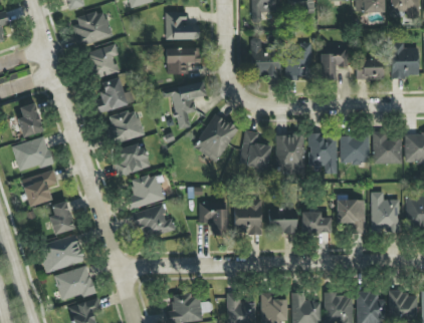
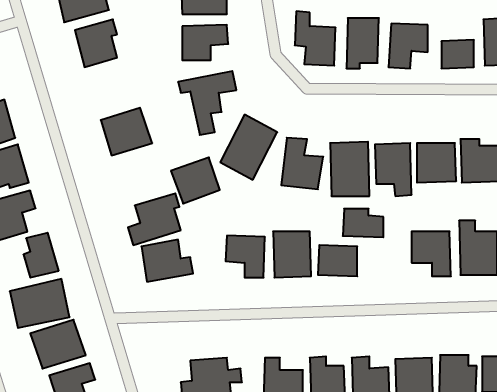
building: [94,77,134,111] -> none
building: [113,141,149,176] -> [171,157,220,204]
building: [300,212,331,233] -> [343,209,383,237]

